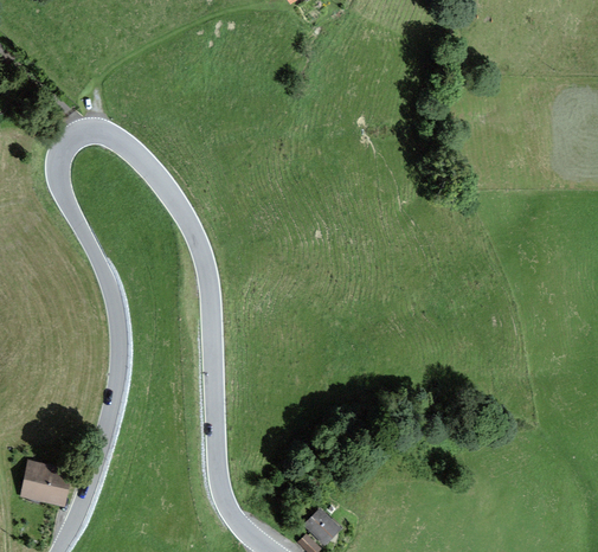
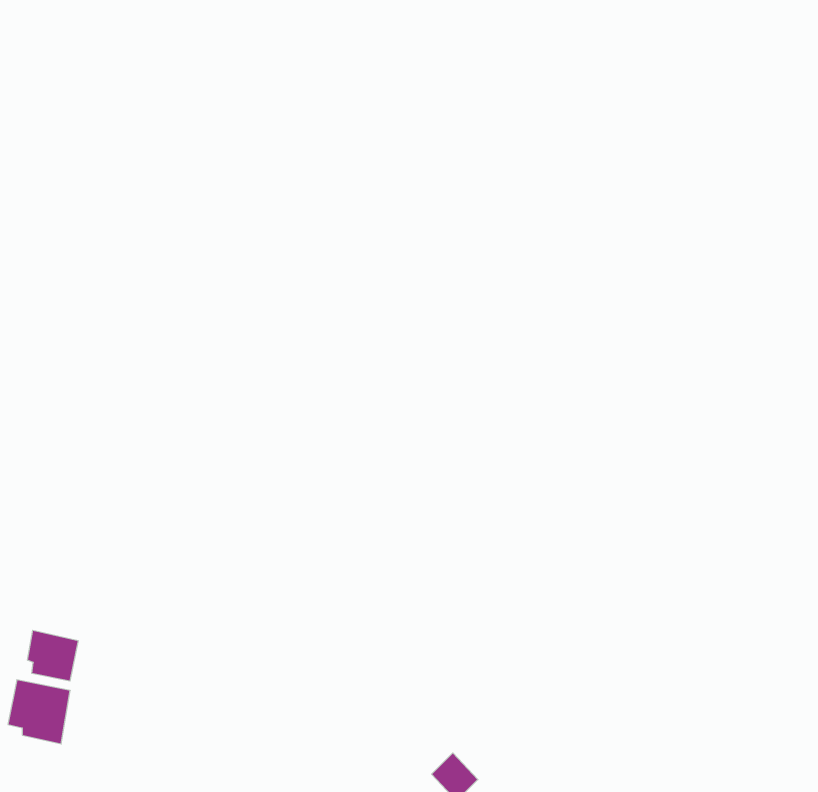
building: none -> [28,630,78,681]

